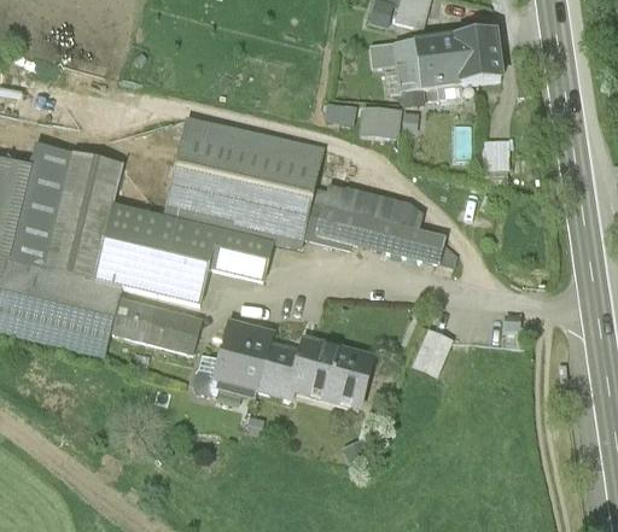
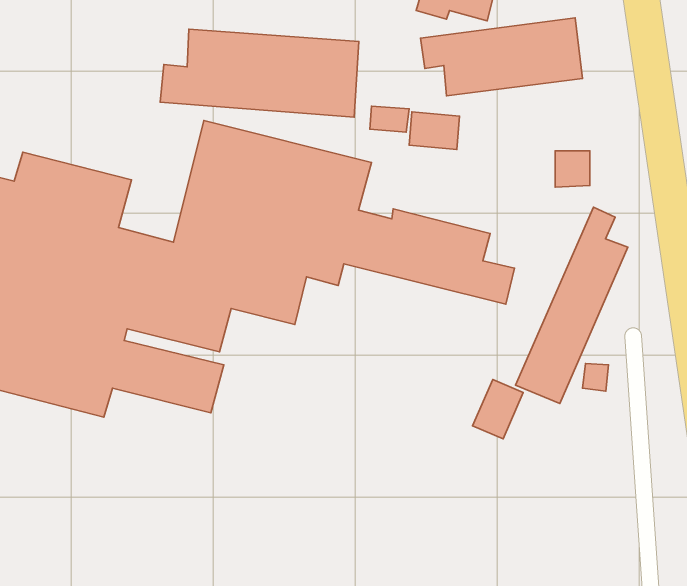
building: none -> [160,29,359,117]
building: none -> [516,207,628,404]
building: [192,318,375,411] -> none

